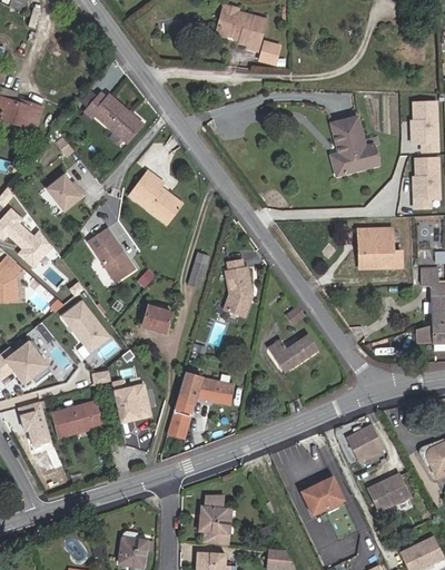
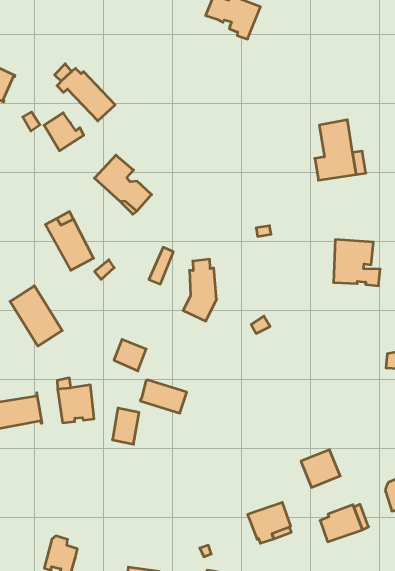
building: [259,39,283,65] -> none
building: [47,175,85,210] -> [44,113,84,151]
building: [142,305,171,333] -> [114,339,146,371]
building: [268,333,318,373] -> none
building: [198,494,229,544] -> none

